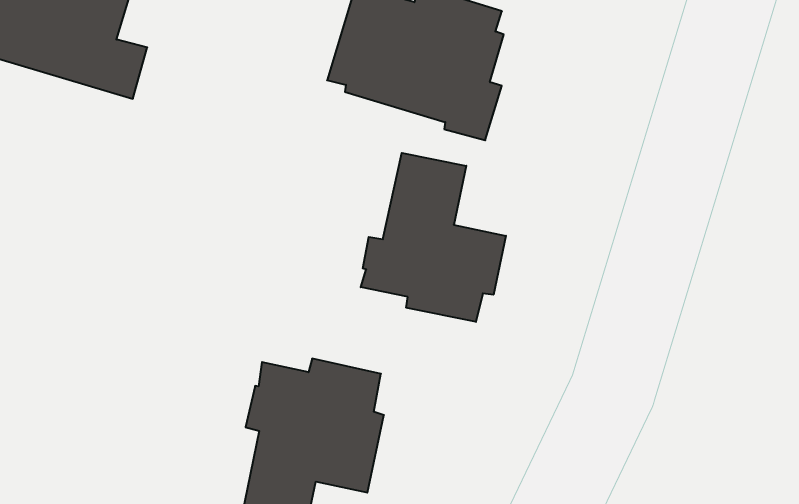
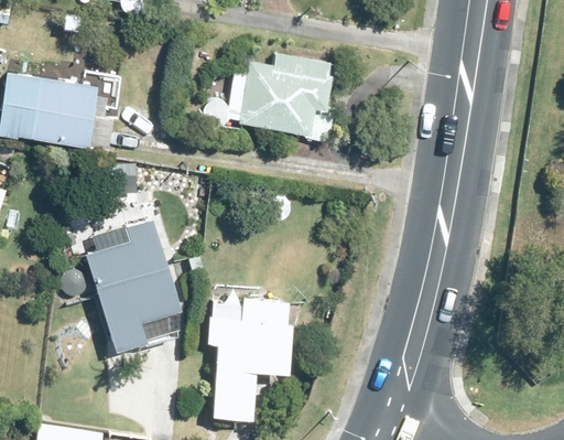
building: [361,153,506,322] -> none
building: none -> [85,219,180,350]

